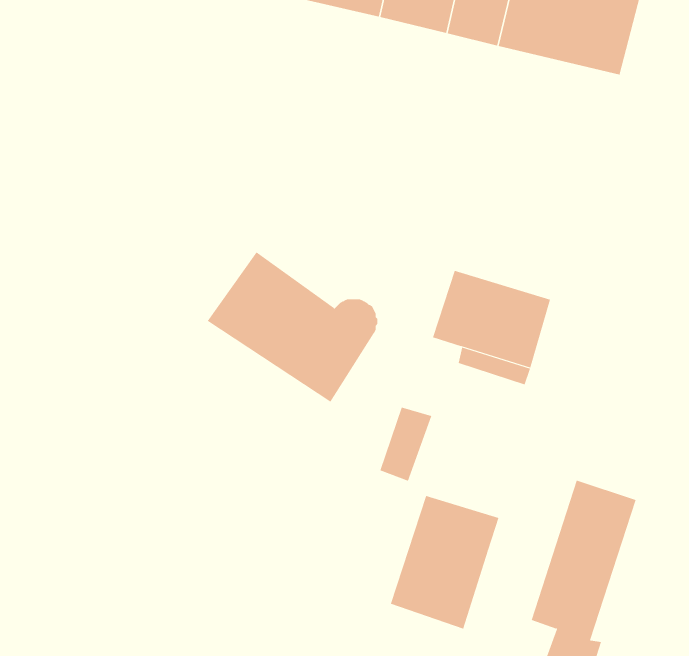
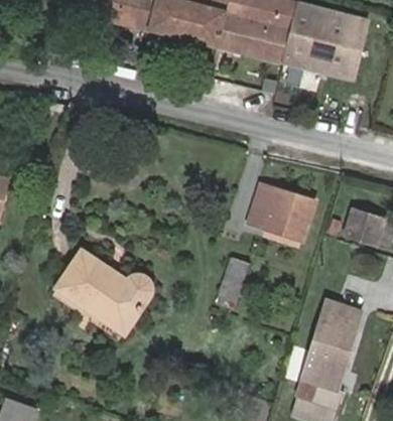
building: [207,251,378,403] -> [54,249,149,332]
building: none -> [346,209,383,244]
building: [390,495,499,629] -> none

